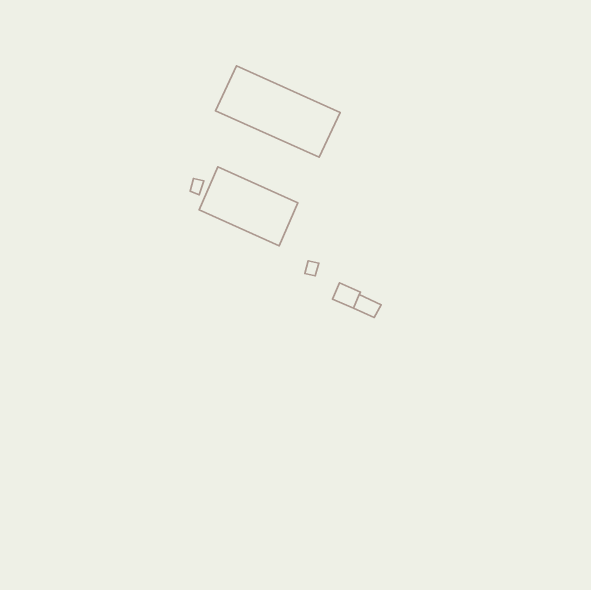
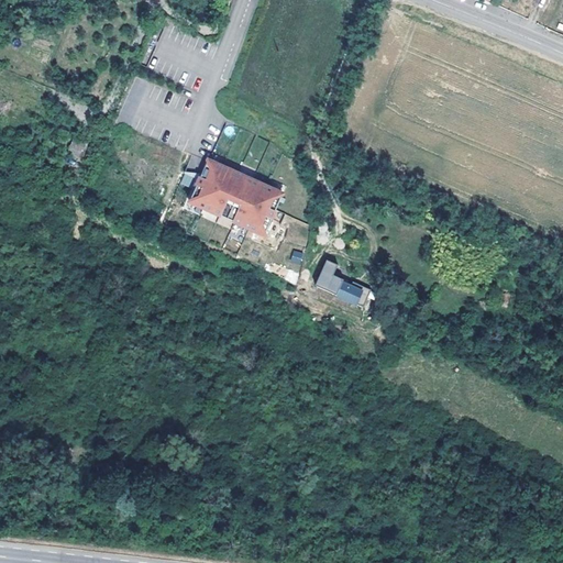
building: [215,66,340,157] -> none

